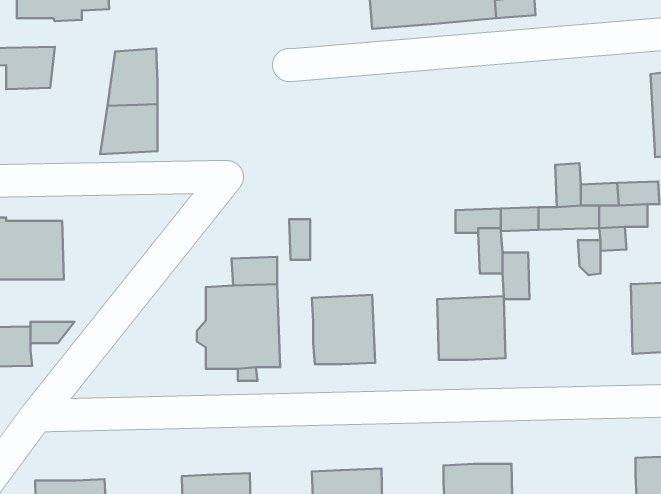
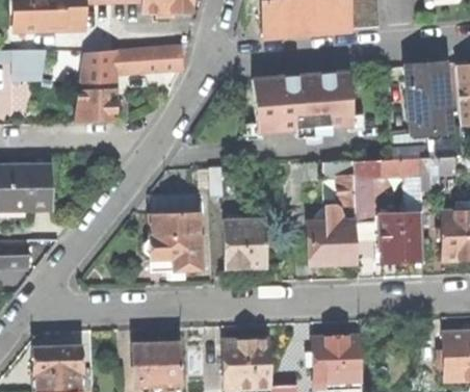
building: none -> [115,47,183,74]
building: none -> [407,64,450,134]
building: none -> [252,72,352,135]
building: none -> [380,214,424,263]

